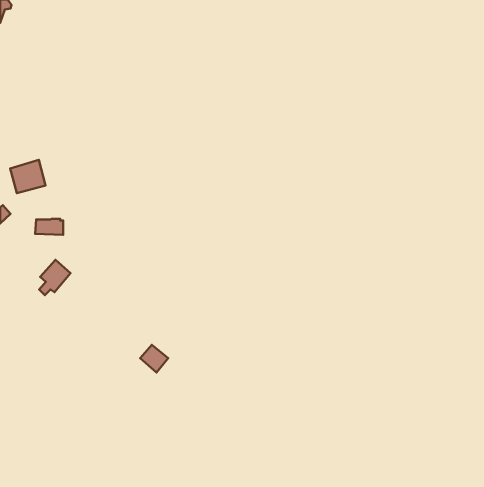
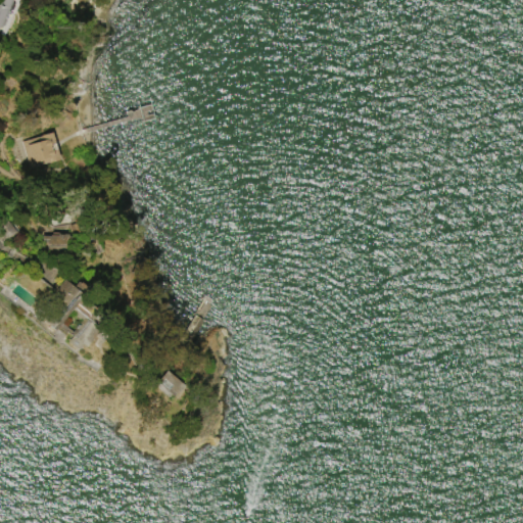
building: [10,160,45,193] -> [25,131,62,167]

